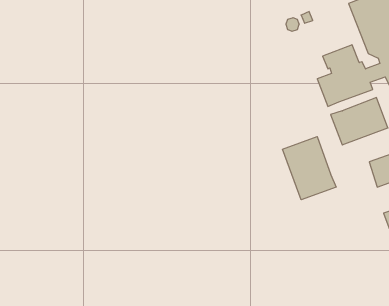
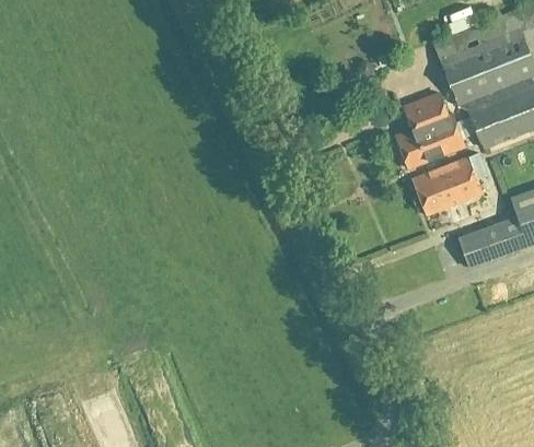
building: [282,137,336,200] -> none

